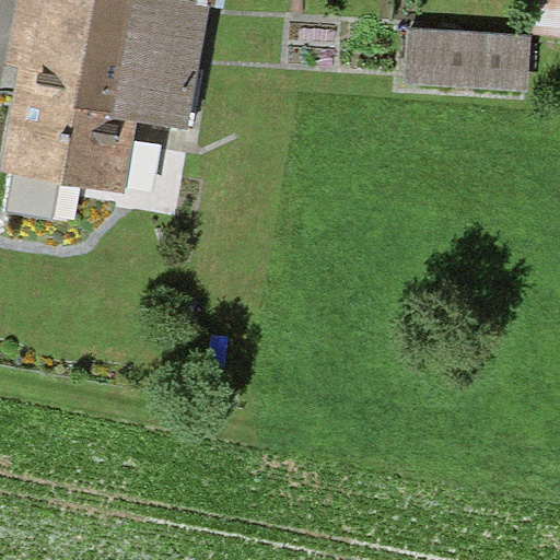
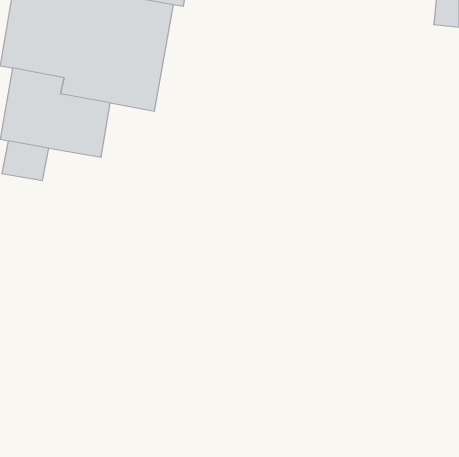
building: [402,26,529,90] -> none

